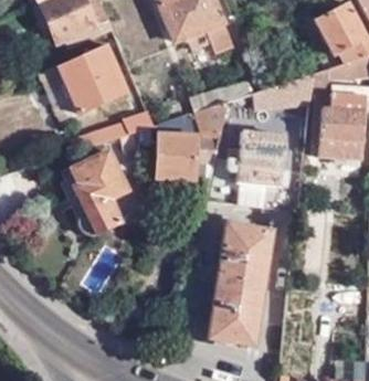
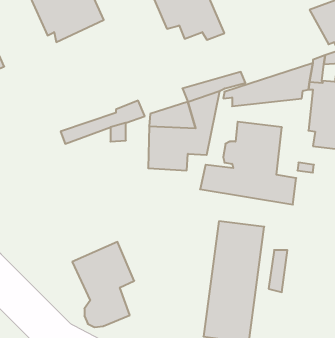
building: [59,43,126,112] -> none
building: [59,151,120,236] -> [72,242,134,327]

